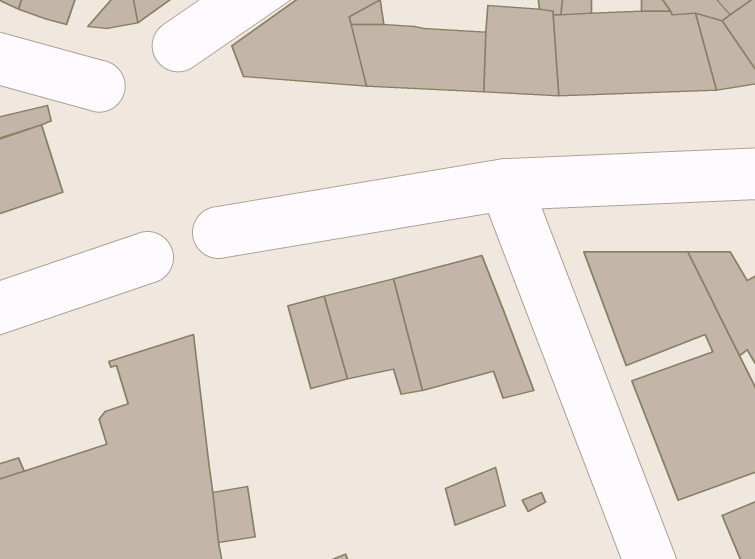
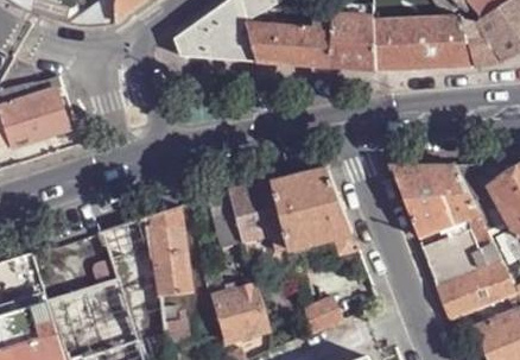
building: none -> [148,206,190,295]
building: none -> [213,284,268,342]

